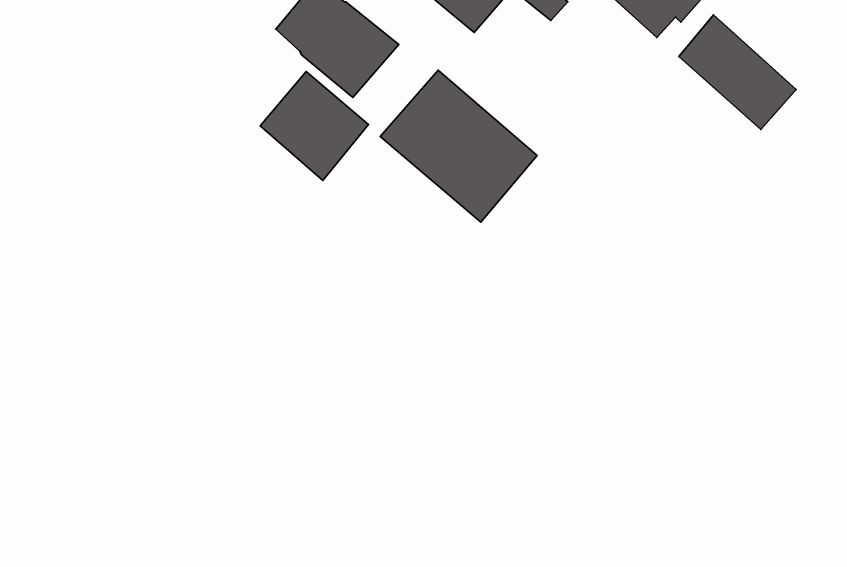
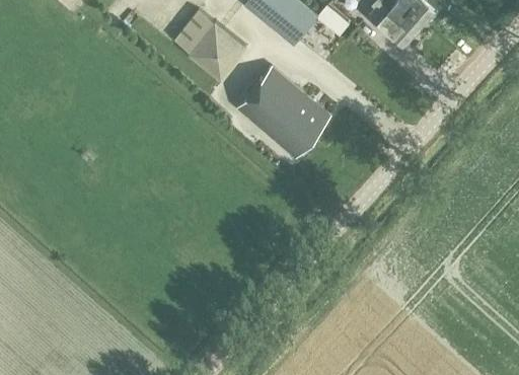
building: [679,15,796,129] -> none
building: [260,72,369,180] -> none

